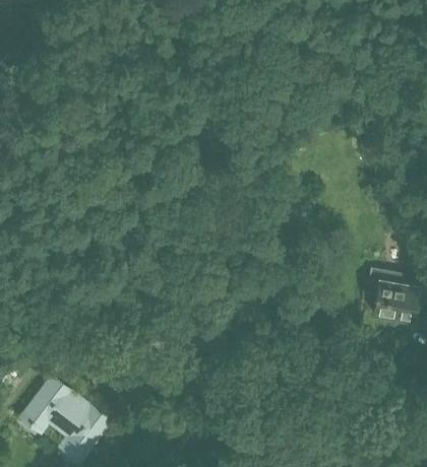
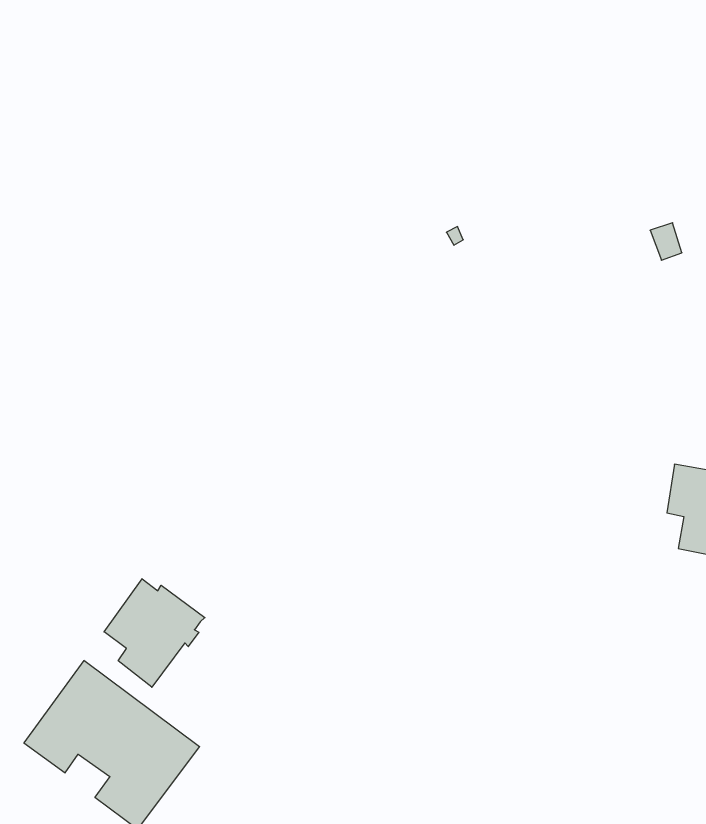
building: none -> [104,579,205,687]

